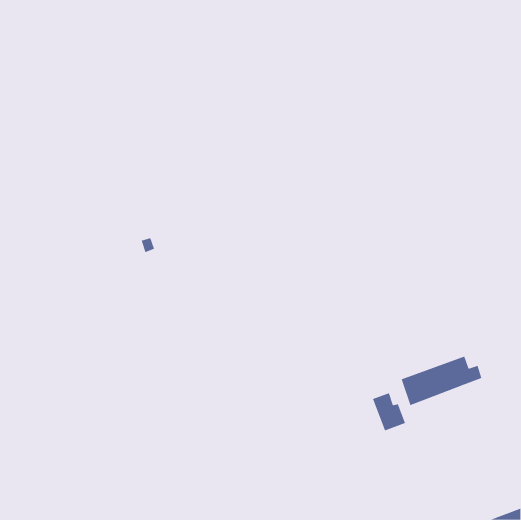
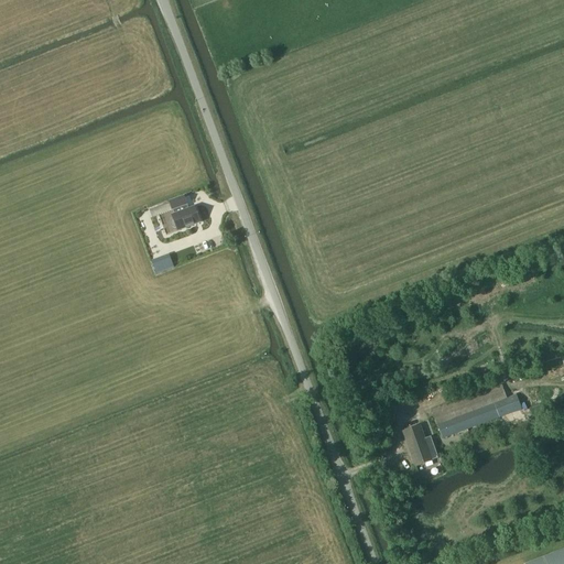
building: none -> [170,196,200,230]

